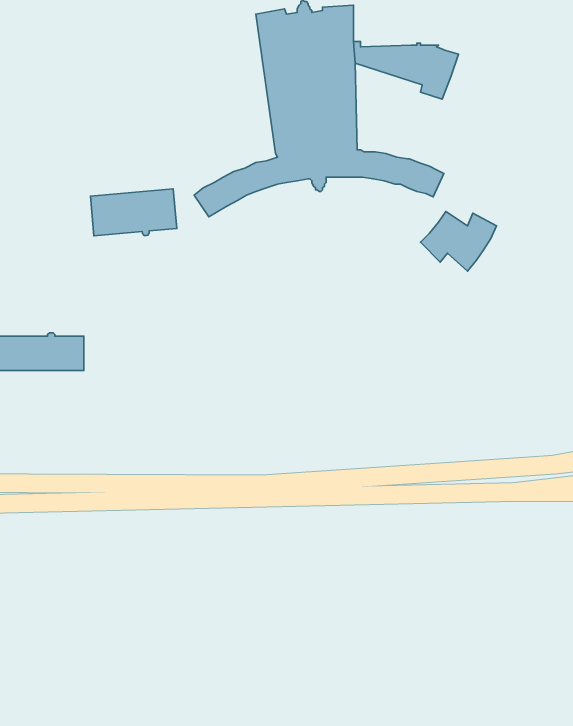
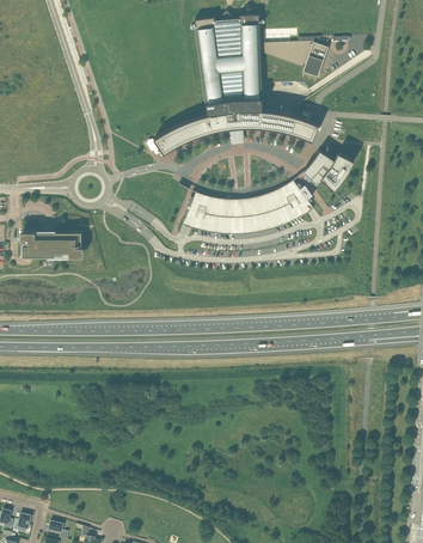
building: [90,189,177,236] -> none
building: none -> [180,181,313,234]

